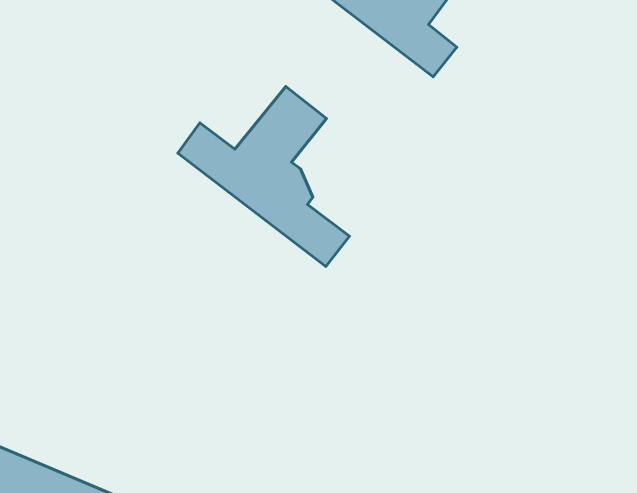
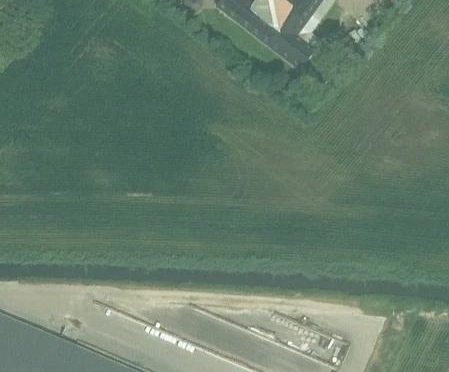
building: [178,86,349,267] -> none

